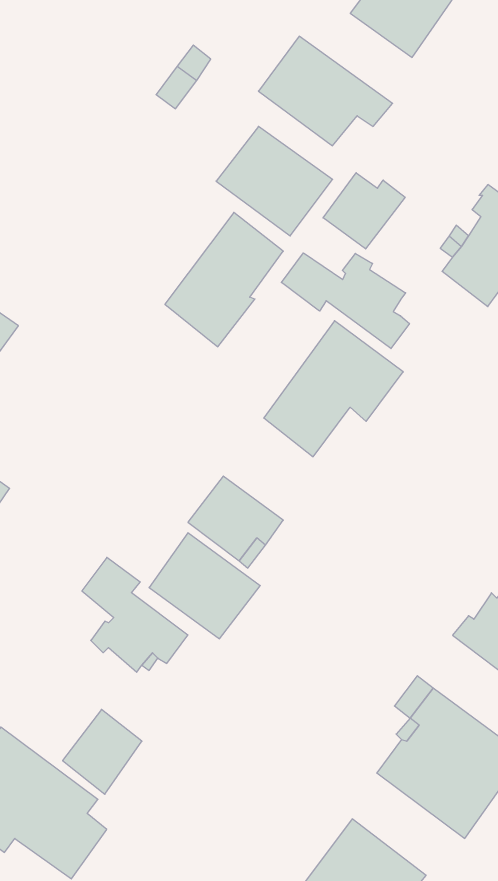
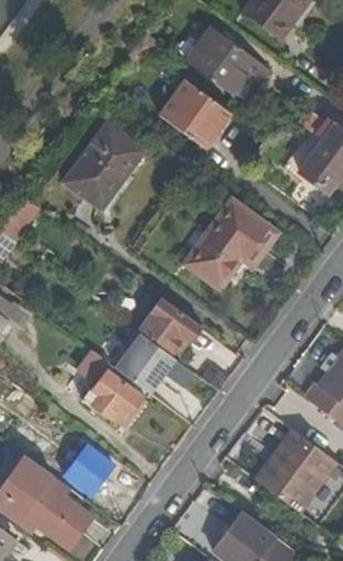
building: [323,173,405,249] -> none
building: [165,212,283,347] -> [66,126,139,209]
building: [281,253,409,349] -> none

